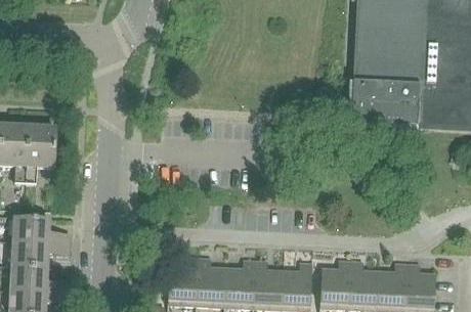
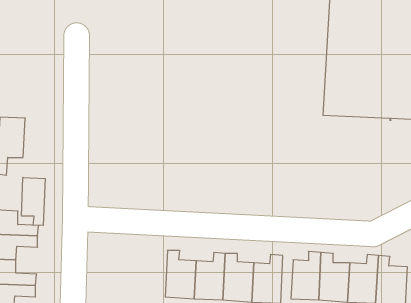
building: none -> [22,177,45,225]
building: [167,257,196,304] -> none

